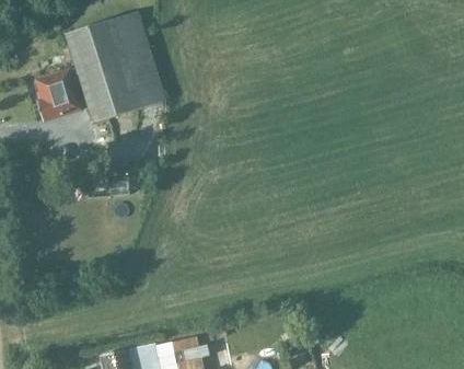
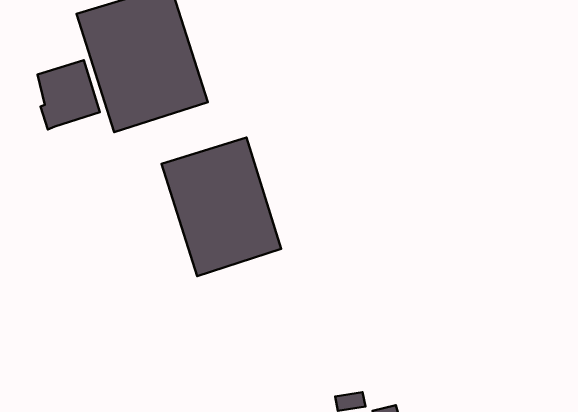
building: none -> [162,138,281,276]

